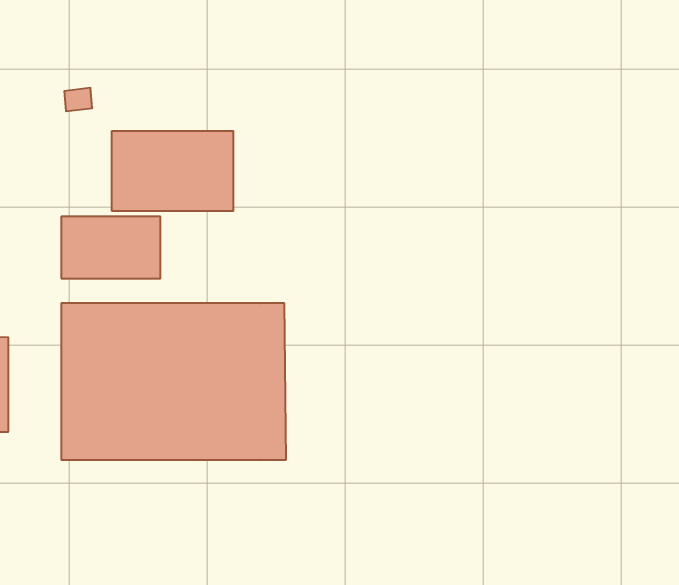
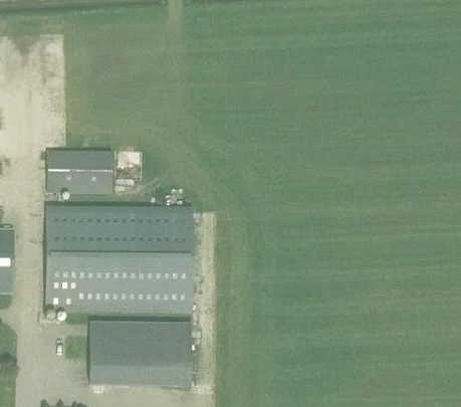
building: [112,131,233,211] -> none
building: none -> [89,322,191,383]

